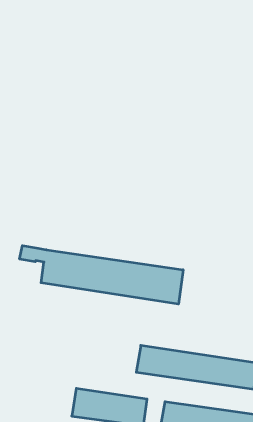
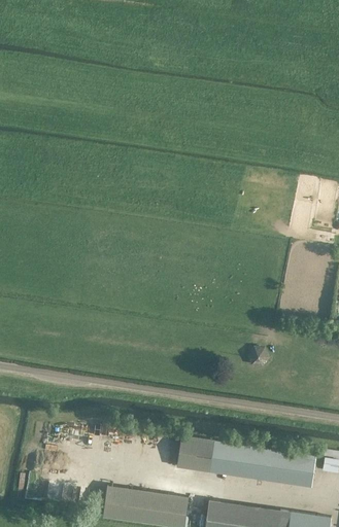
building: [20,246,183,304] -> none

